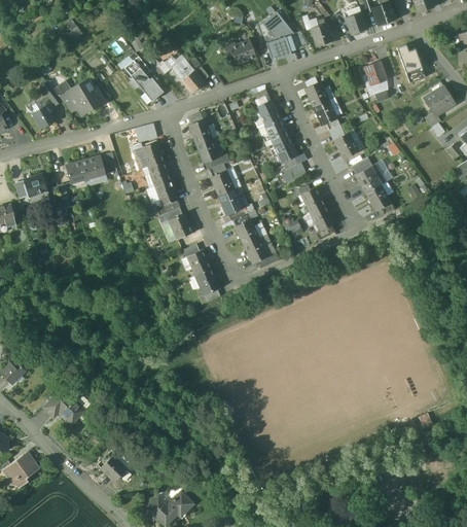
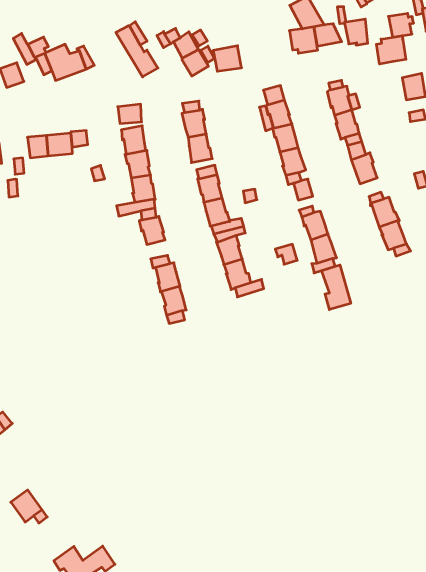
building: none -> [376,36,406,64]
building: [229,40,255,64] -> [213,46,242,71]
building: none -> [322,265,351,310]

